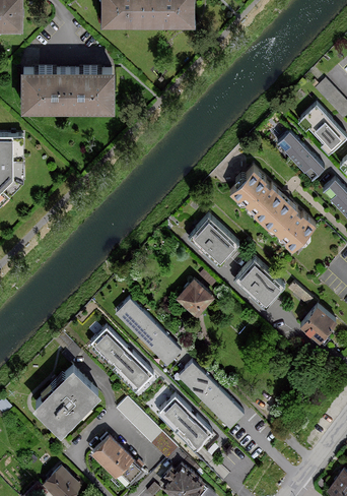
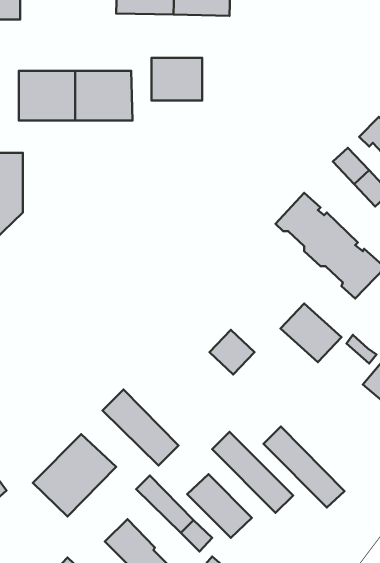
building: none -> [151,58,202,101]
building: [189,216,238,265] -> none
building: [116,300,182,366] -> [263,427,344,507]

